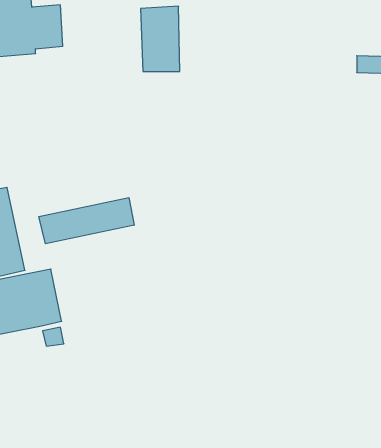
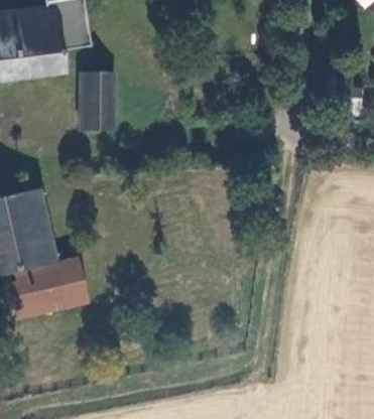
building: [141,6,180,71] -> [80,73,113,128]
building: [39,198,134,244] -> none

